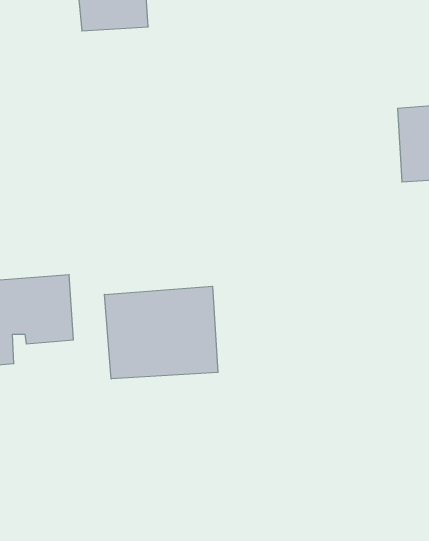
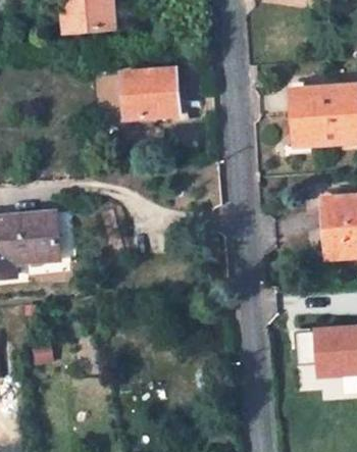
building: none -> [120,70,177,118]
building: [104,286,218,379] -> none

